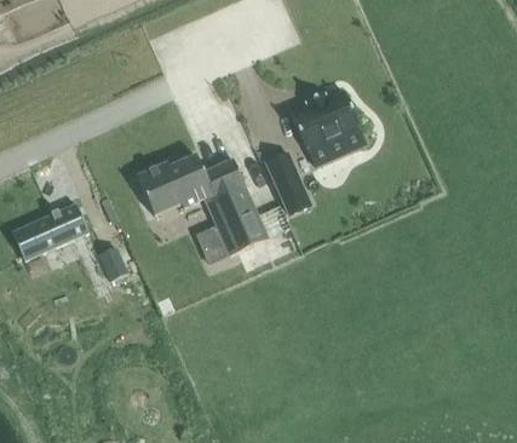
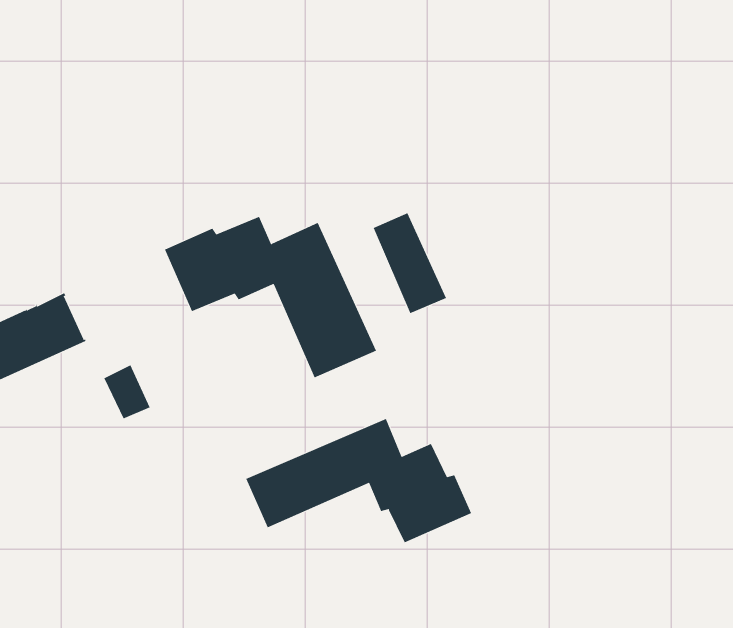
building: [291,91,360,150] -> none
building: none -> [246,418,472,543]

